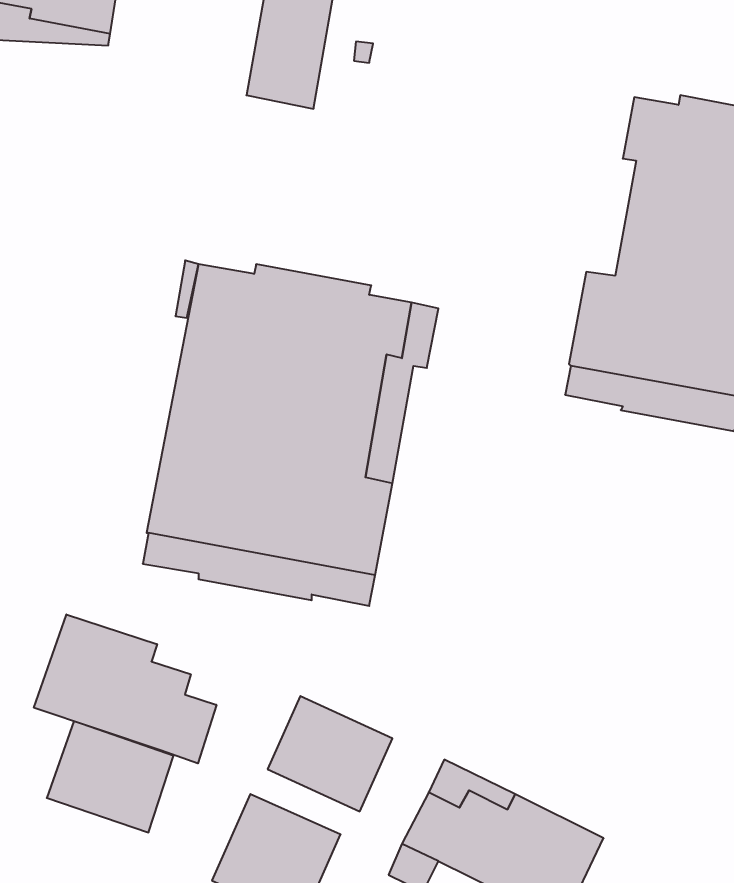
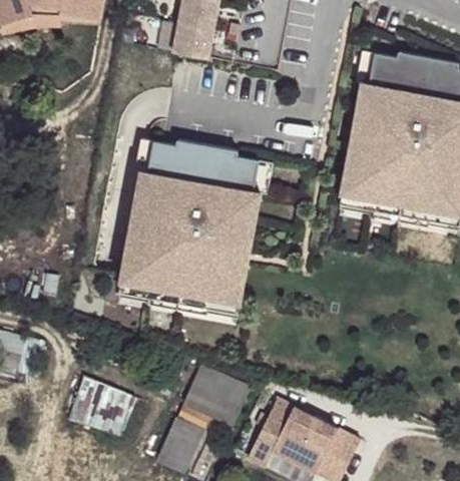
building: none -> [351,48,377,144]
building: [34,614,216,763] -> none

